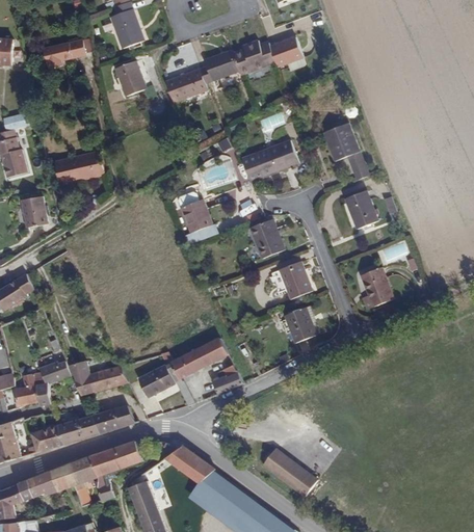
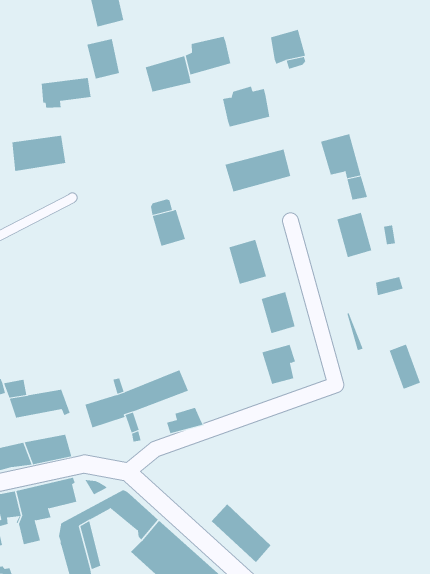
building: [231,39,273,77] -> [222,86,270,127]
building: [41,41,85,71] -> [41,77,91,108]
building: [363,264,393,303] -> [389,344,421,389]

